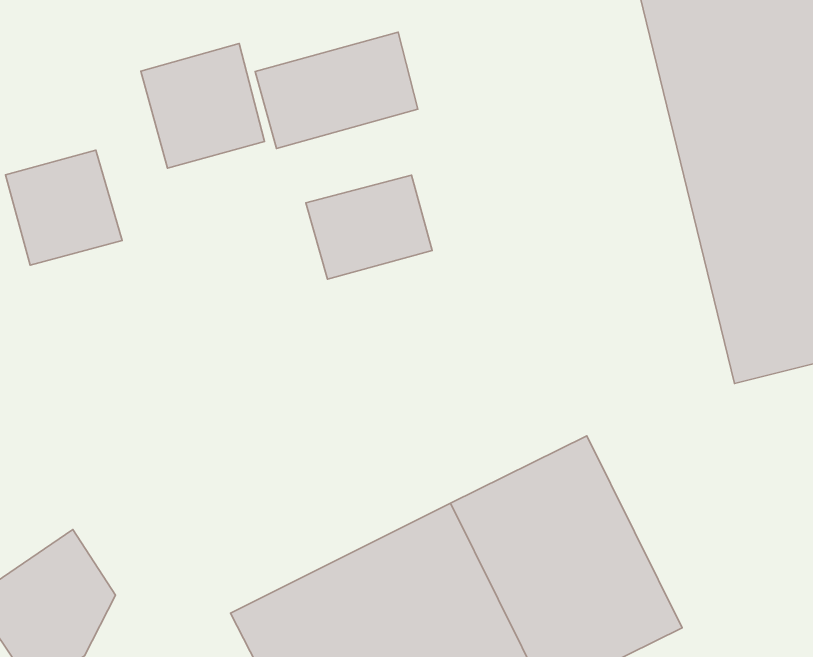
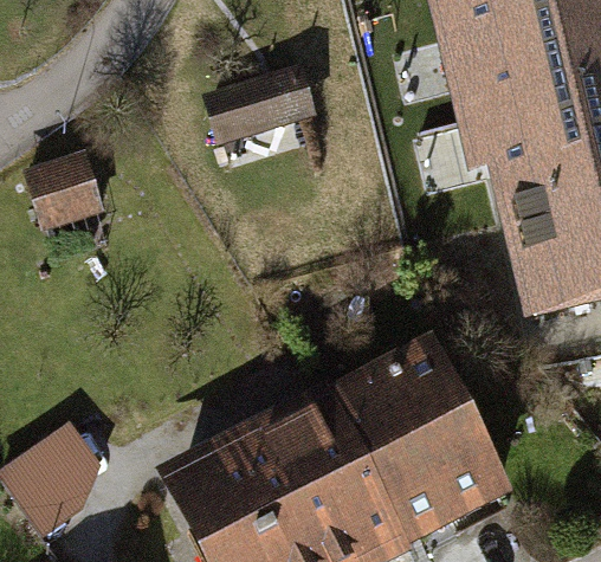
building: [141,44,264,168] -> none
building: [306,175,432,279] -> none

